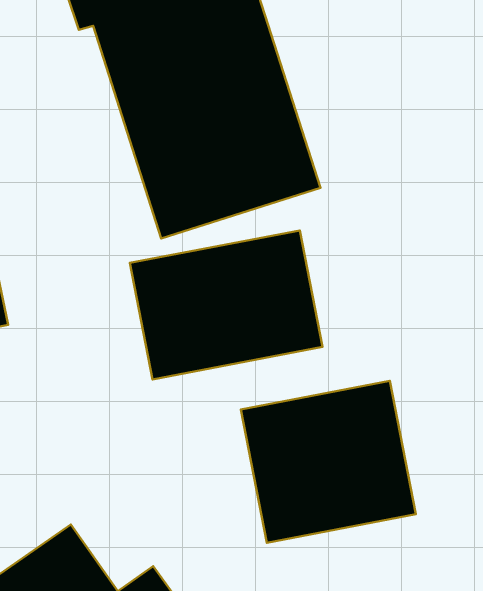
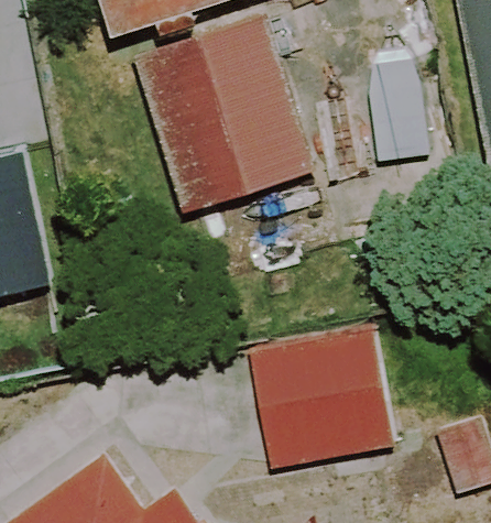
building: [130,230,322,379] -> none

